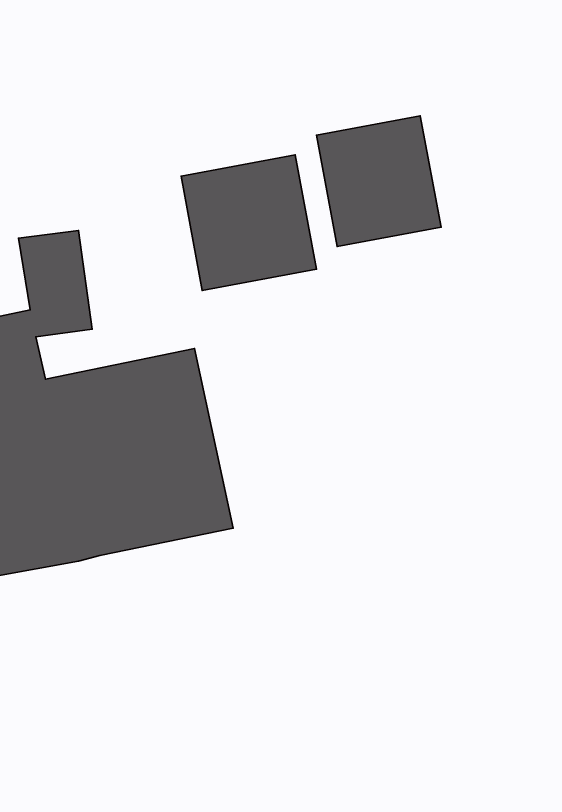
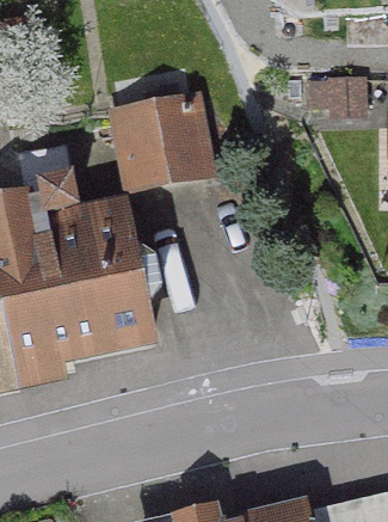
building: [316,116,441,247] -> none

